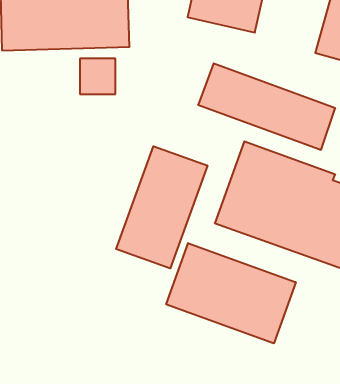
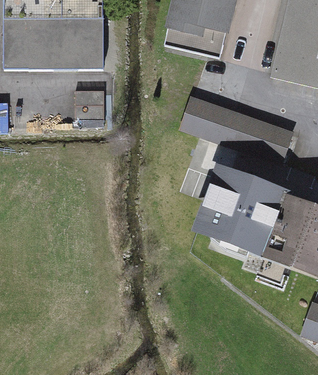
building: [116,146,207,268] -> none
building: [166,243,296,343] -> none

